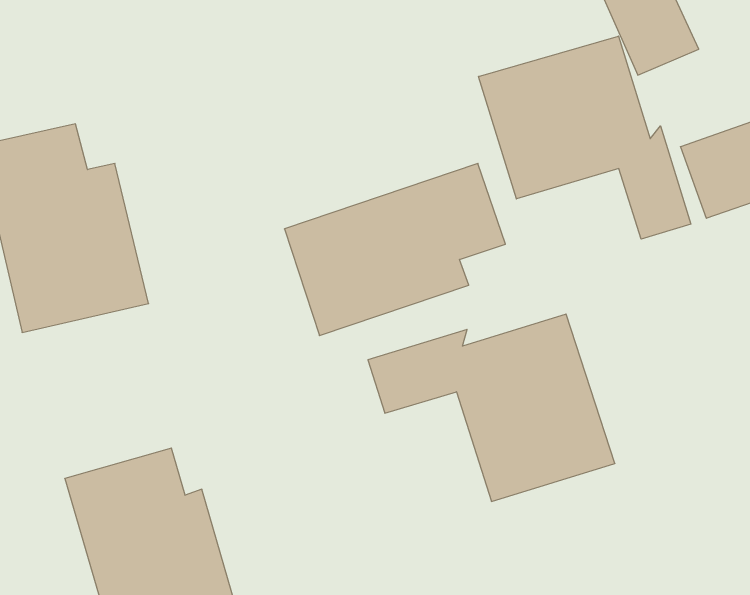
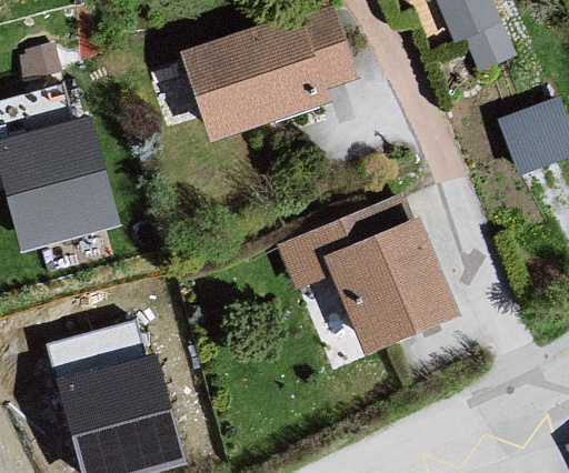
building: [479,36,691,239] -> none
building: [284,163,505,336] -> [192,11,353,137]

